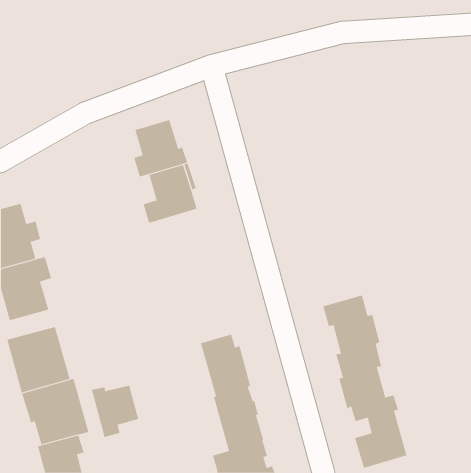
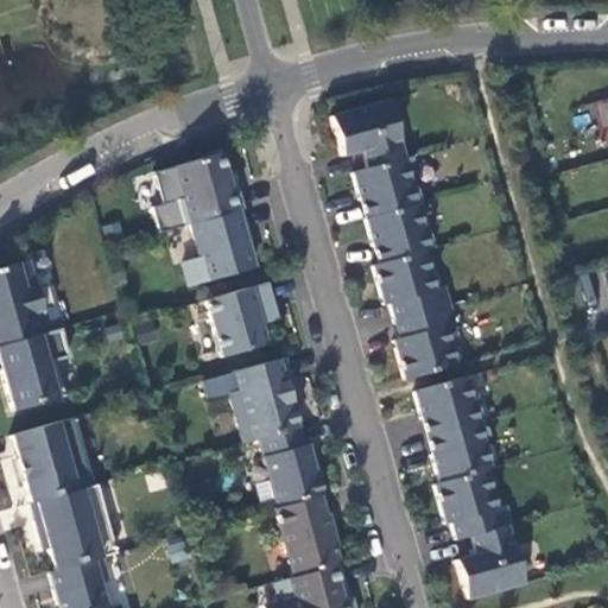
building: none -> [332,101,458,379]
building: none -> [210,283,279,357]
building: none -> [232,357,300,443]
building: [91,385,139,438] -> none

